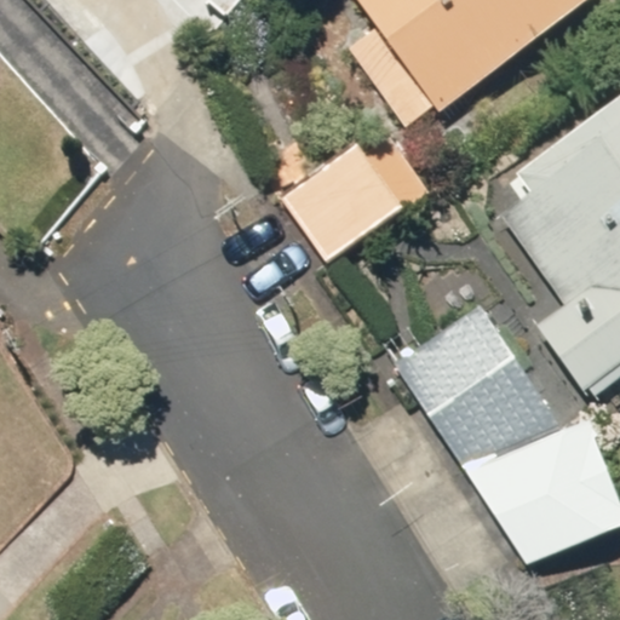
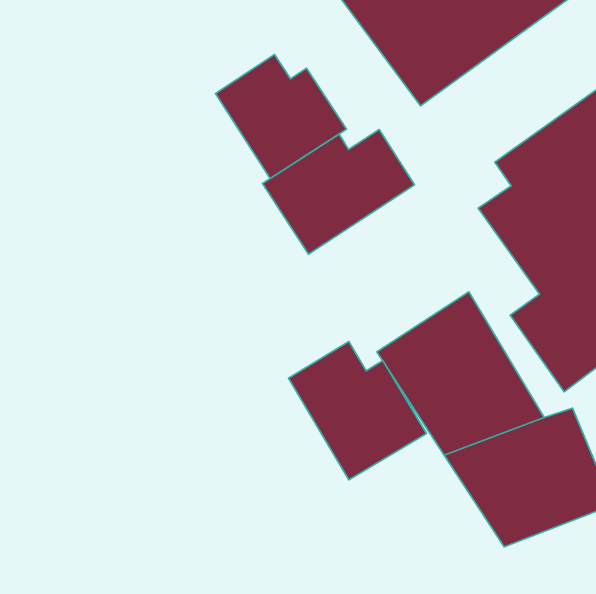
building: none -> [215,54,347,179]
building: none -> [288,342,427,480]

